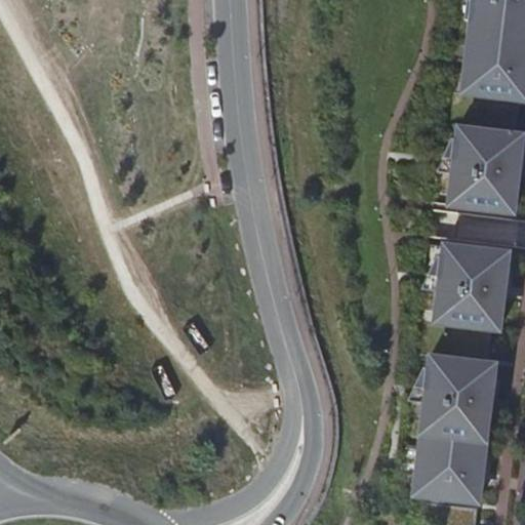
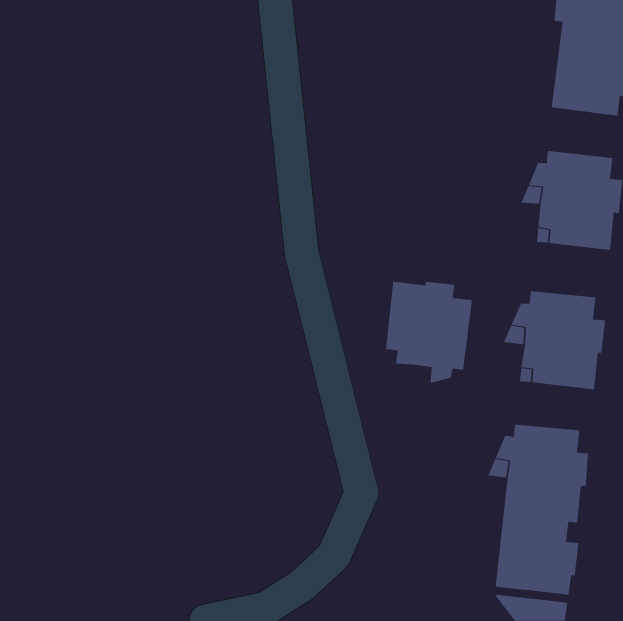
building: none -> [385,281,473,384]

